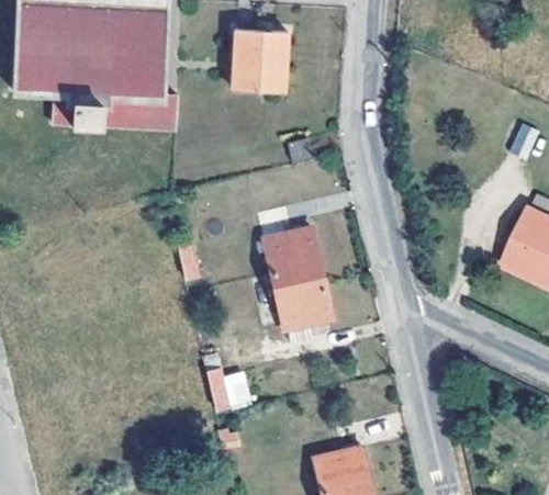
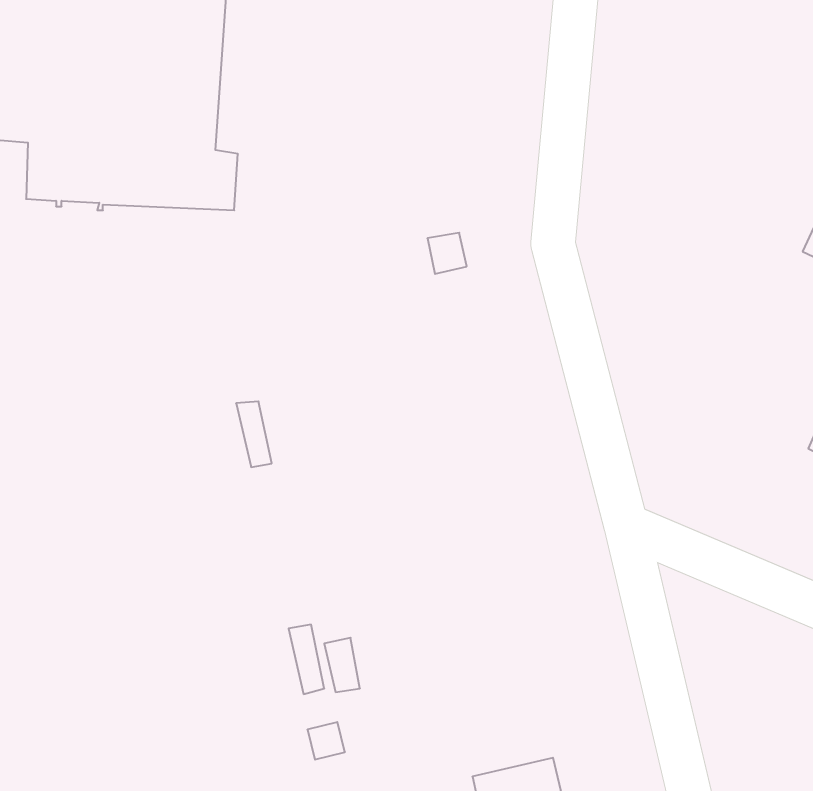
building: [233,29,289,91] -> none
building: [262,227,330,329] -> none

